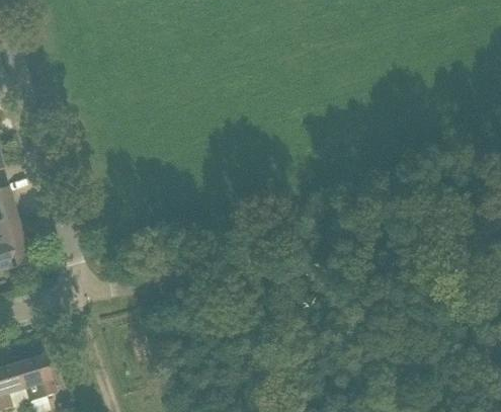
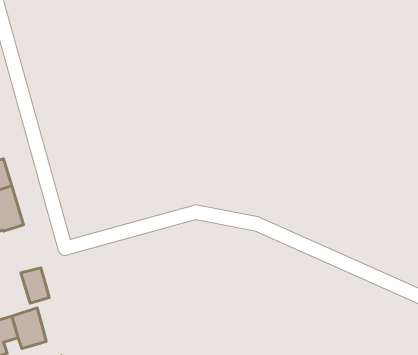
building: none -> [21,268,49,303]

